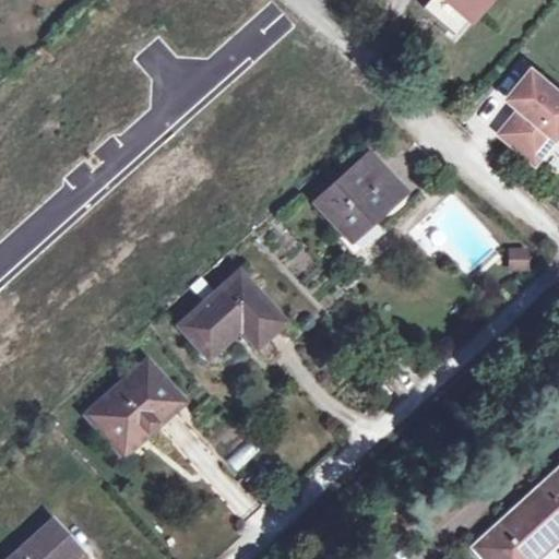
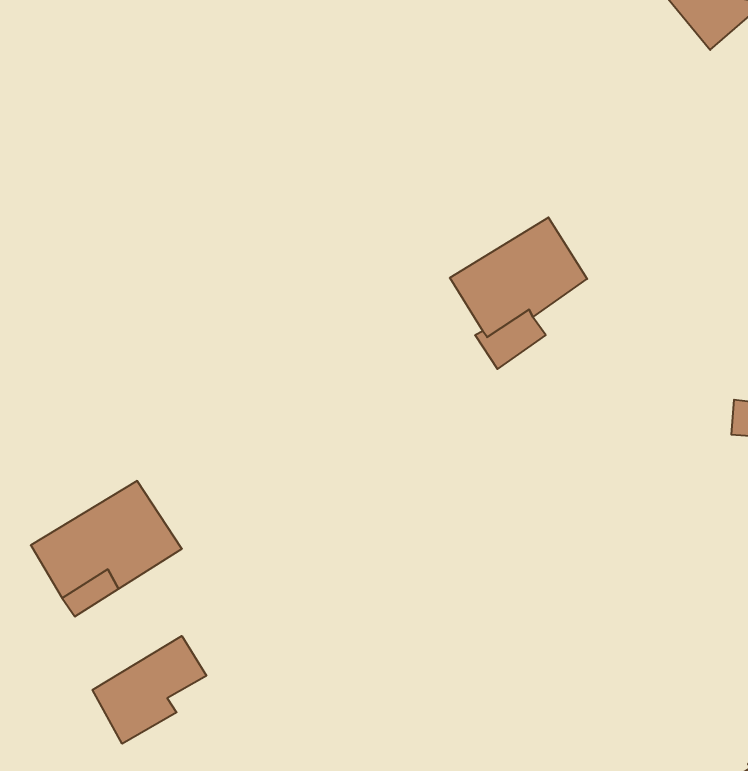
building: [179,274,282,357] -> none
building: none -> [93,636,206,744]

